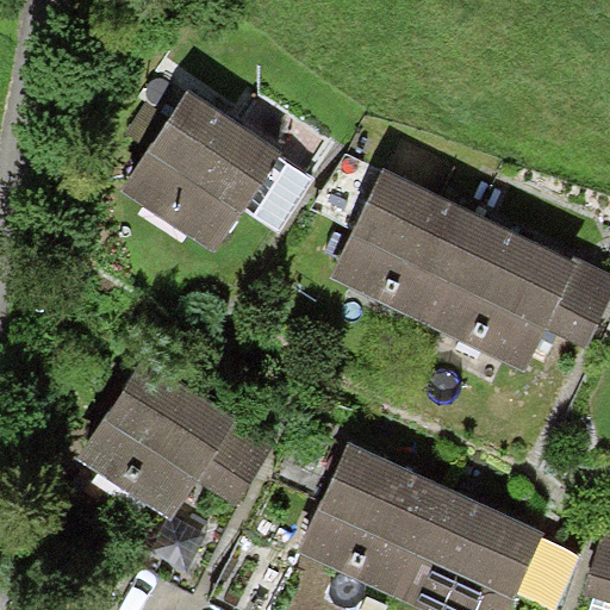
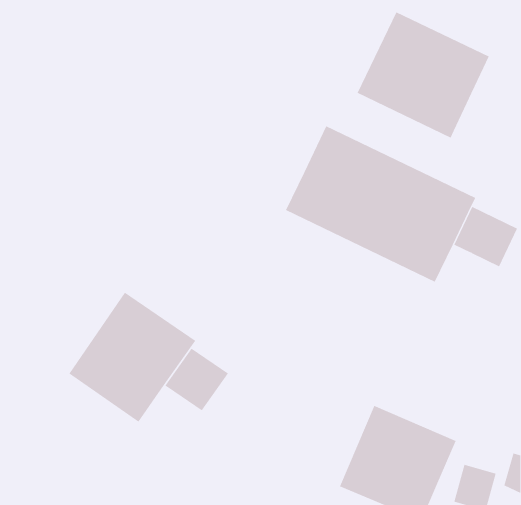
building: none -> [357,12,490,138]
building: [147,111,285,249] -> none
building: [301,453,436,587] -> none

